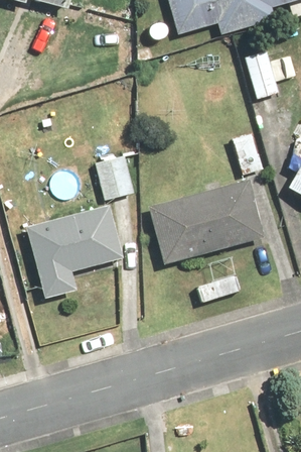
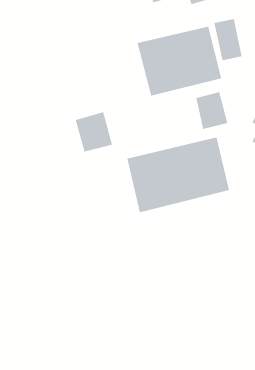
building: none -> [137,26,222,97]
building: [26,207,122,297] -> none

